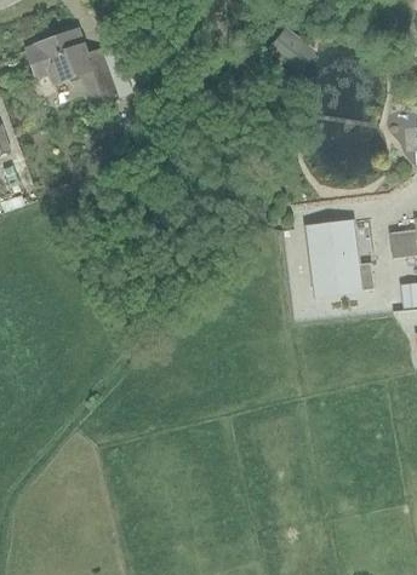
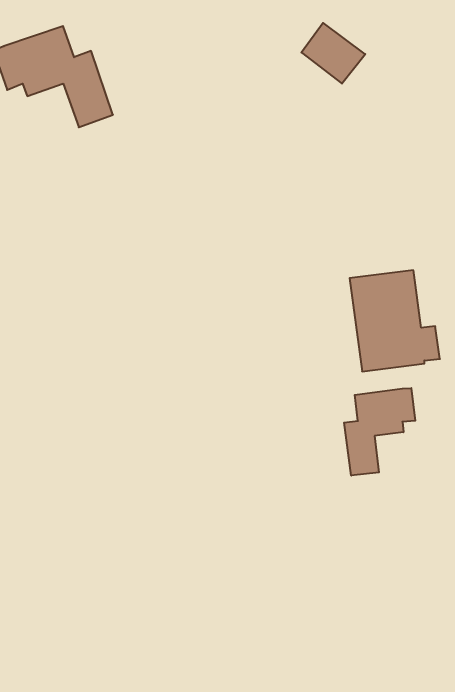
building: none -> [344,388,415,476]

